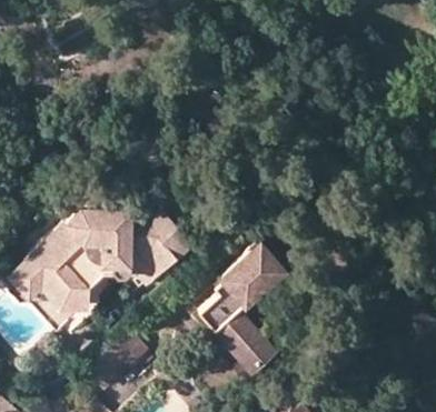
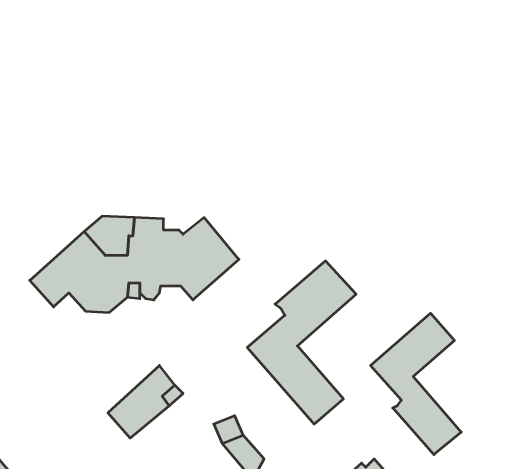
building: [8,260,88,307] -> none
building: none -> [371,313,461,455]

